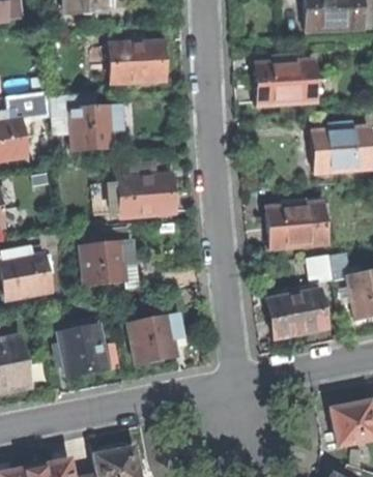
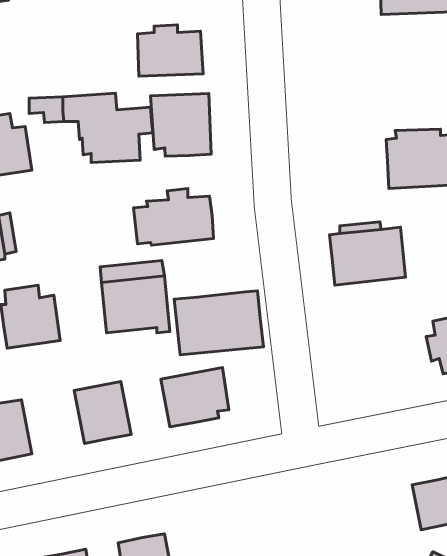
building: [256,54,329,103] -> none
building: none -> [150,93,211,156]
building: none -> [174,291,263,355]
building: [268,256,340,335] -> none

